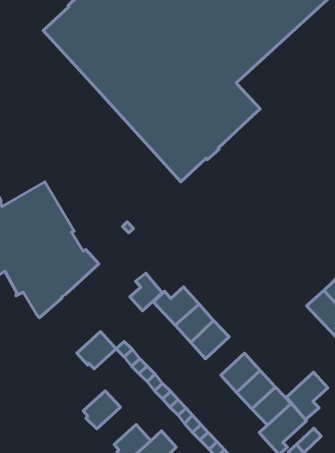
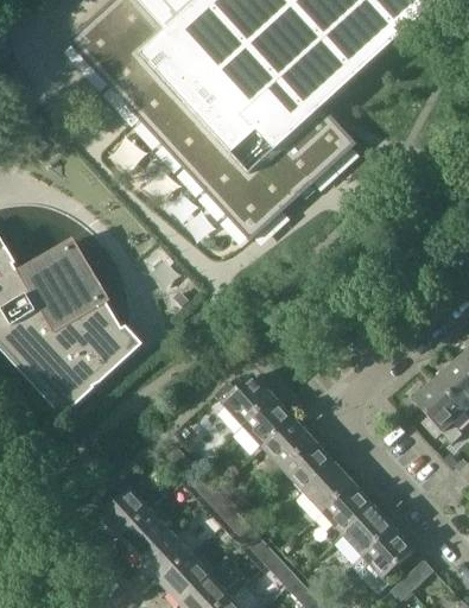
building: [130,273,162,311] -> none
building: [77,331,116,369] -> [100,487,151,536]
building: none -> [281,439,332,489]
building: [287,372,328,420] -> none
building: none -> [140,531,191,580]

